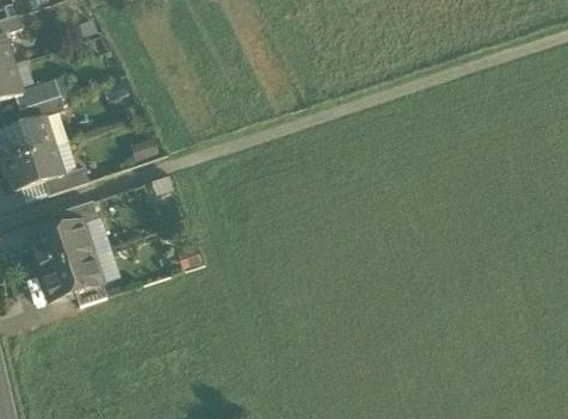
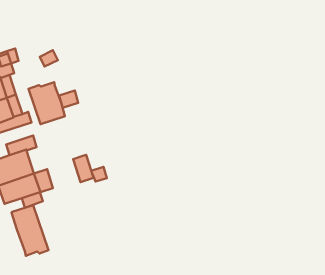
building: none -> [29,82,65,124]
building: [79,216,109,255] -> [73,155,94,182]
building: none -> [12,205,48,256]

